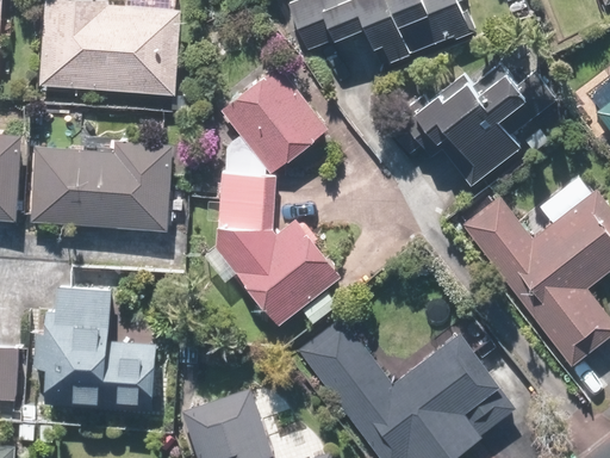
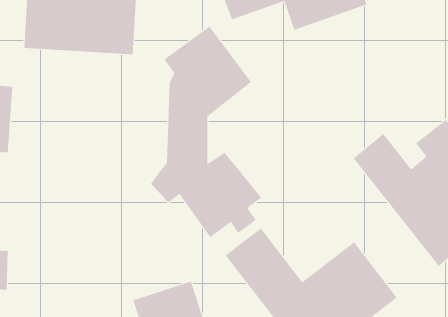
building: [404,51,559,187] -> none
building: [32,138,176,228] -> none
building: [33,287,160,411] -> none

